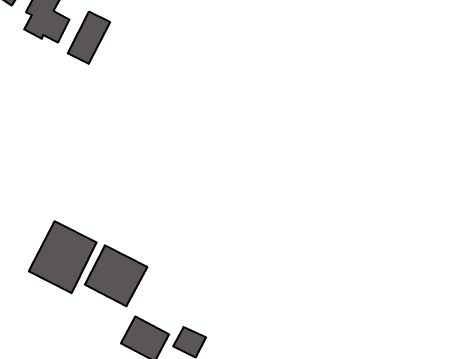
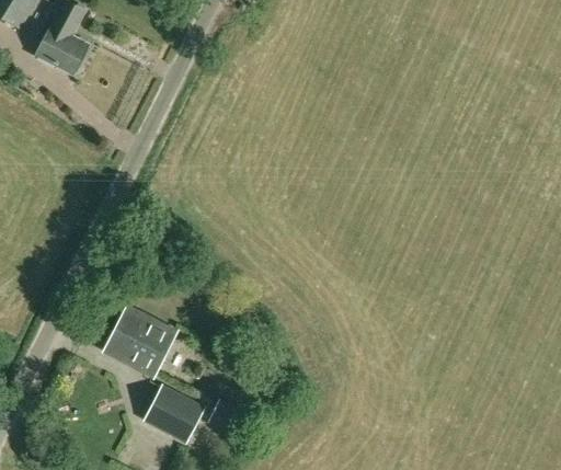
building: [68,12,110,64] -> none
building: [29,221,97,293] -> none

